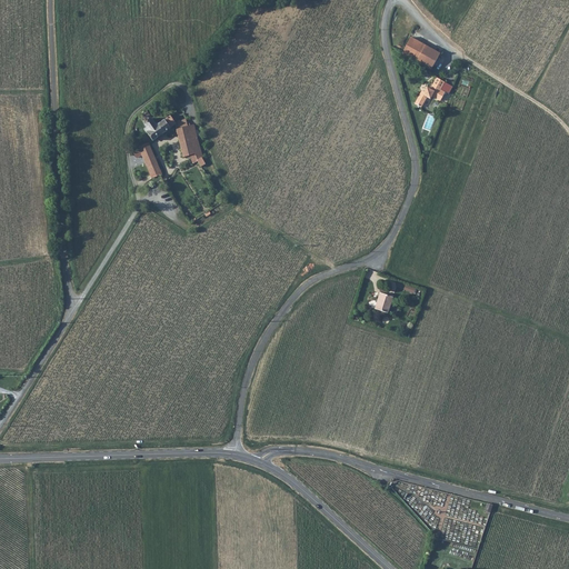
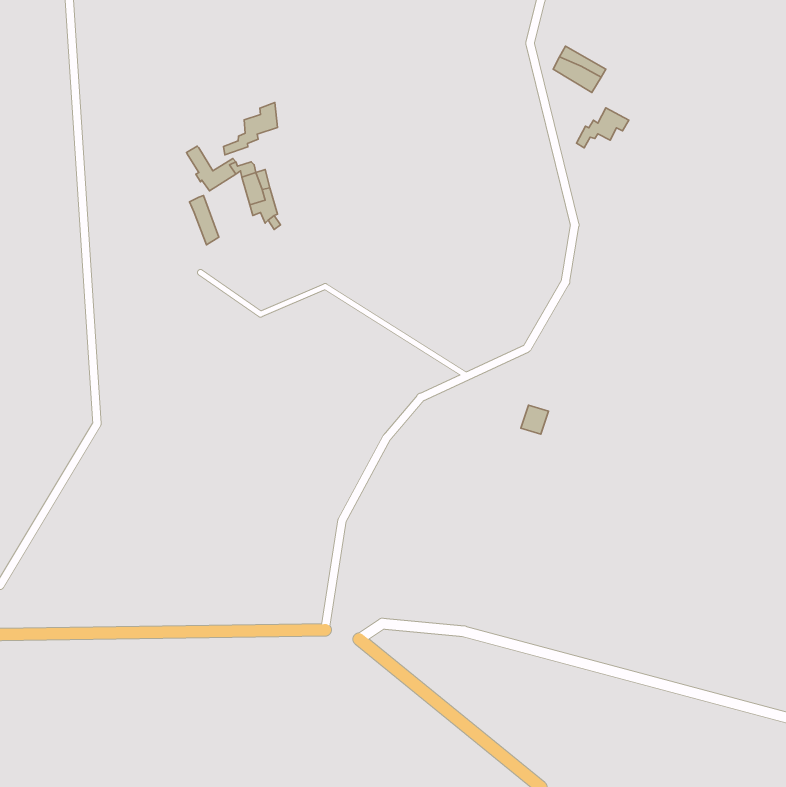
building: none -> [223,103,278,155]

